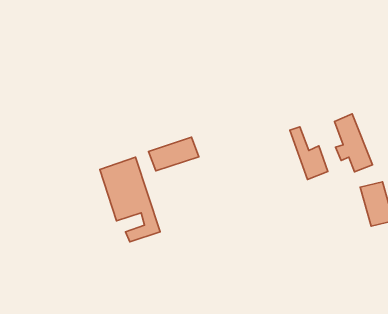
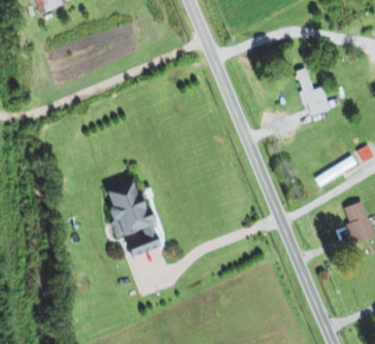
building: [290,127,328,179] -> [296,68,331,116]
building: [149,137,199,171] -> none

